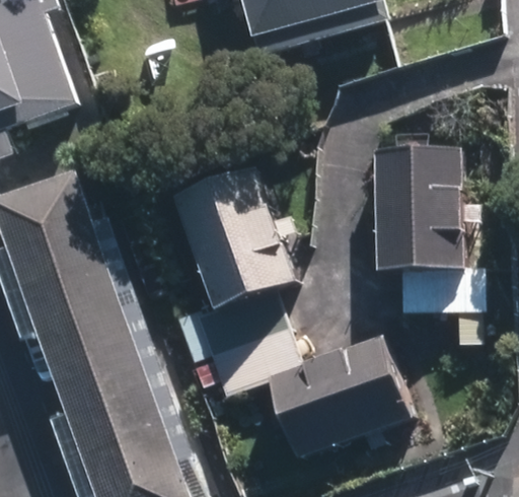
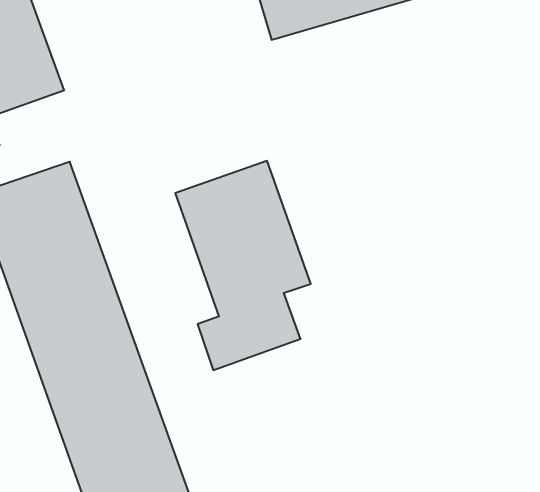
building: [372,146,477,311] -> none
building: [204,327,406,453] -> none

